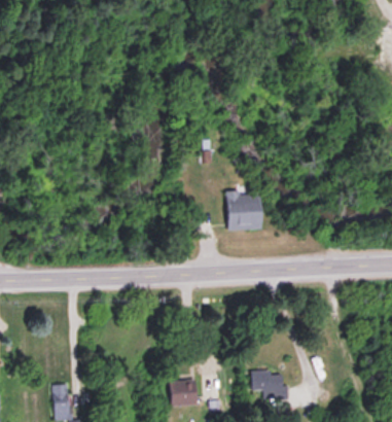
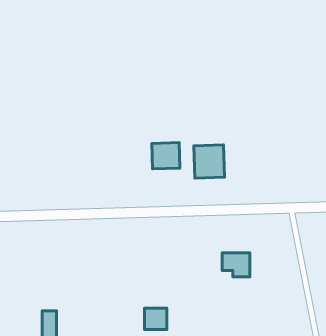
building: none -> [152,143,180,169]
building: [252,371,284,398] -> [222,253,250,277]

